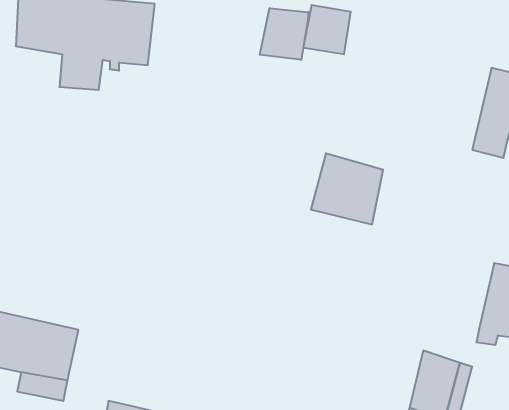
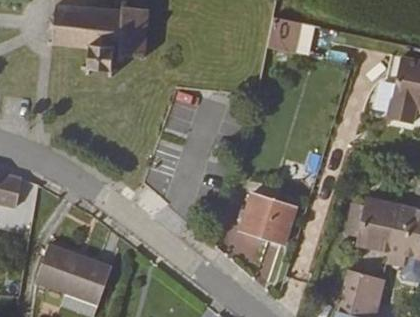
building: [260,8,308,60] -> none
building: [311,153,383,224] -> [242,196,295,248]
building: none -> [352,197,404,254]

